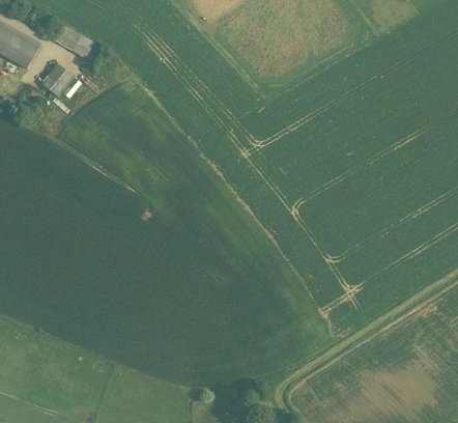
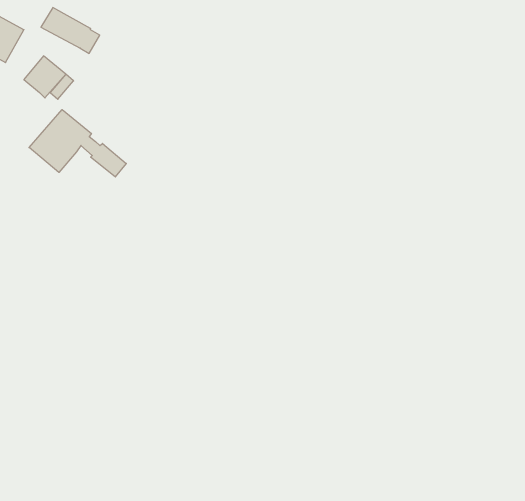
building: none -> [29,110,126,177]

